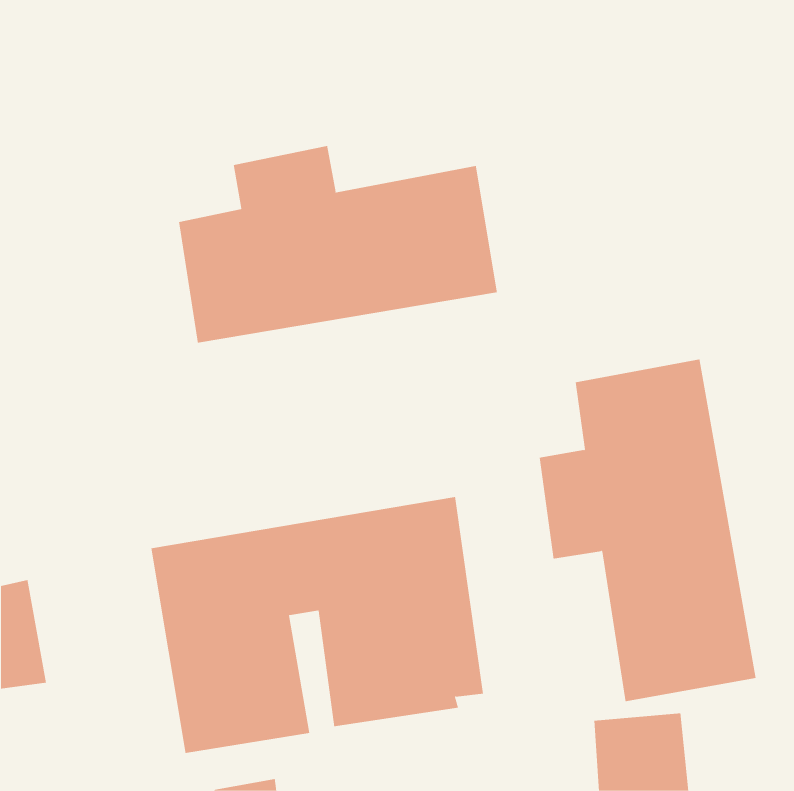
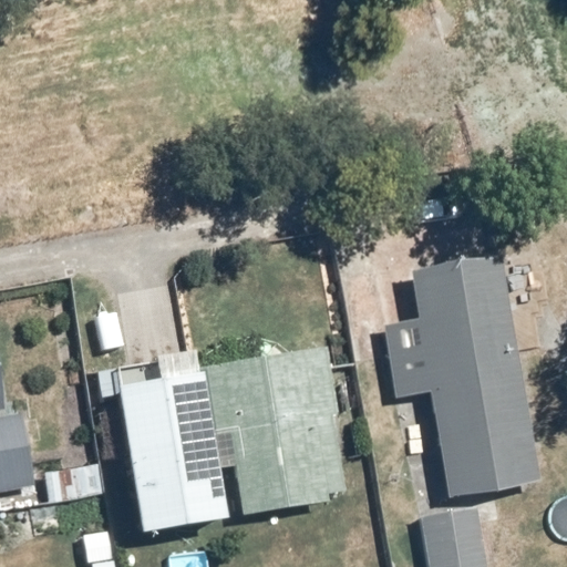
building: [178,145,498,343] -> none

